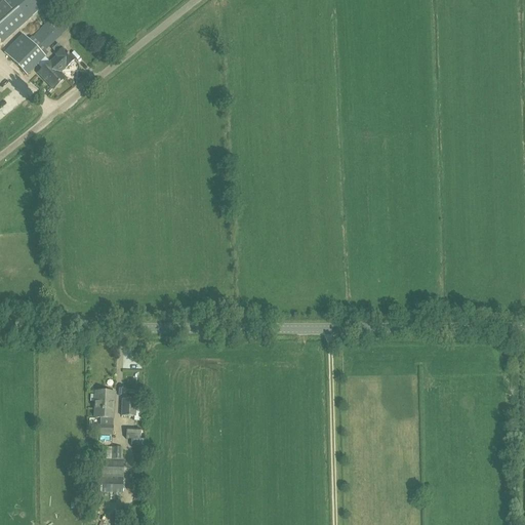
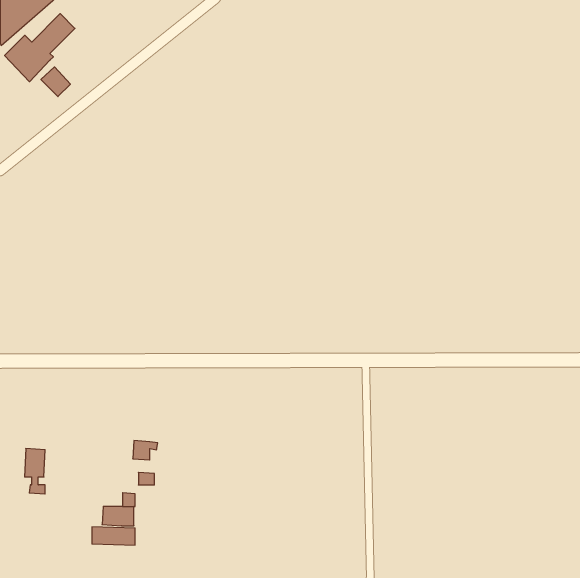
building: [49,41,74,76] -> none
building: [94,391,113,432] -> [25,449,45,494]

